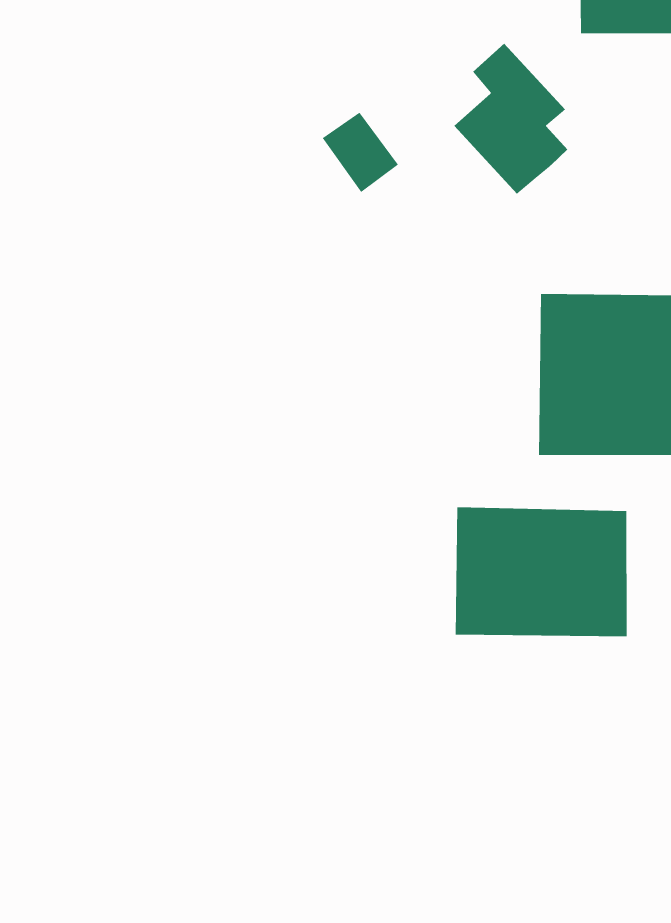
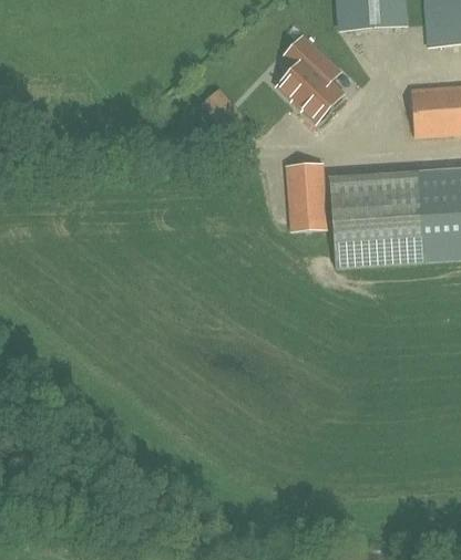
building: none -> [287,162,327,231]
building: [455,507,627,637] -> none

